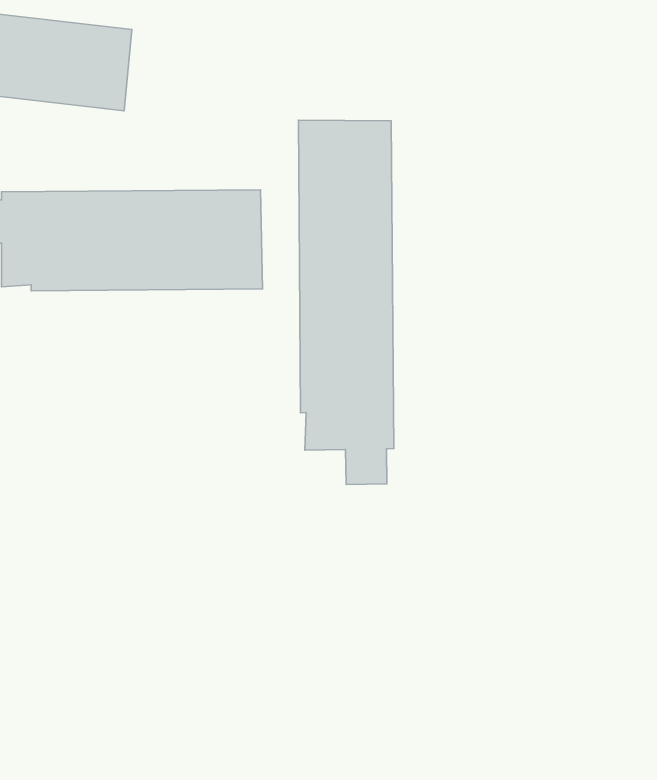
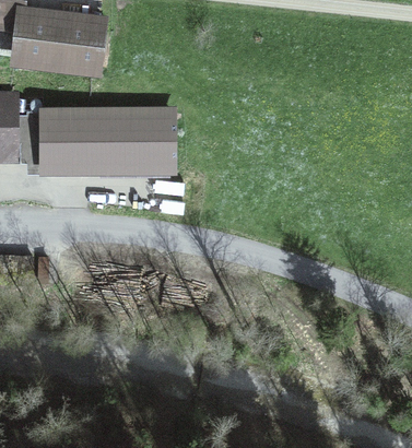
building: [299,120,394,484] -> none

